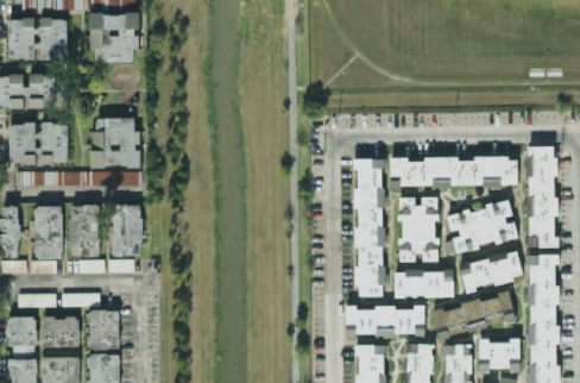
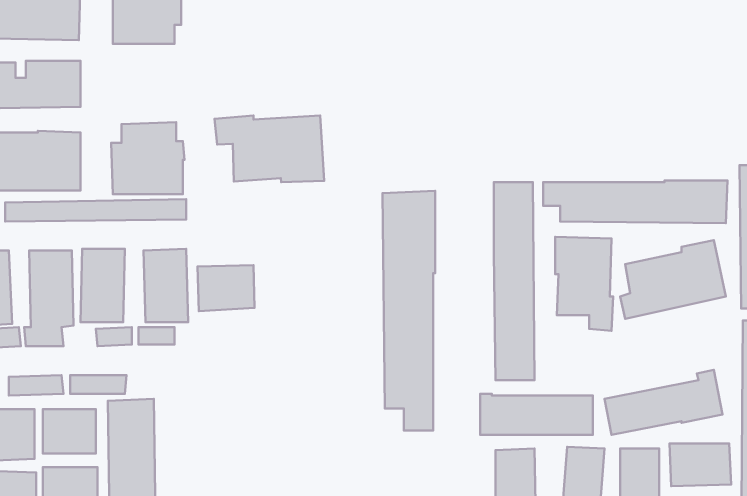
building: none -> [214,115,324,182]
building: none -> [383,191,435,431]
building: none -> [198,265,254,311]
building: [459,251,523,293] -> none
building: [393,270,453,297] -> none

